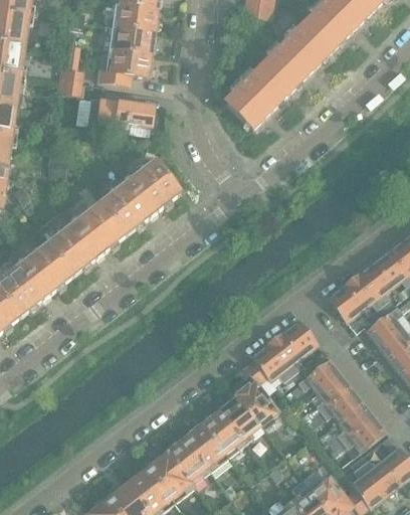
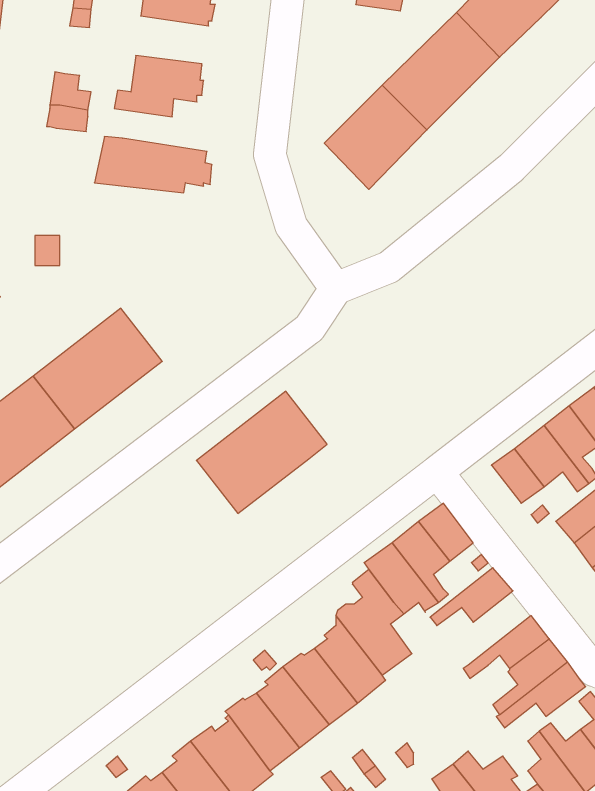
building: [111,24,155,53] -> none
building: [101,160,181,234] -> [196,391,327,513]
building: [308,374,351,419] -> none

